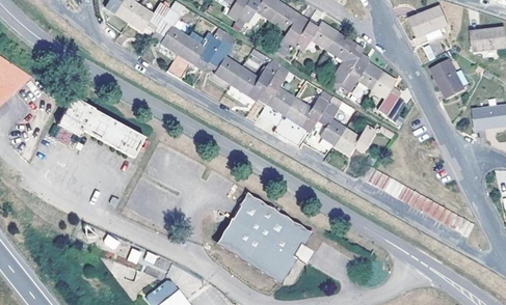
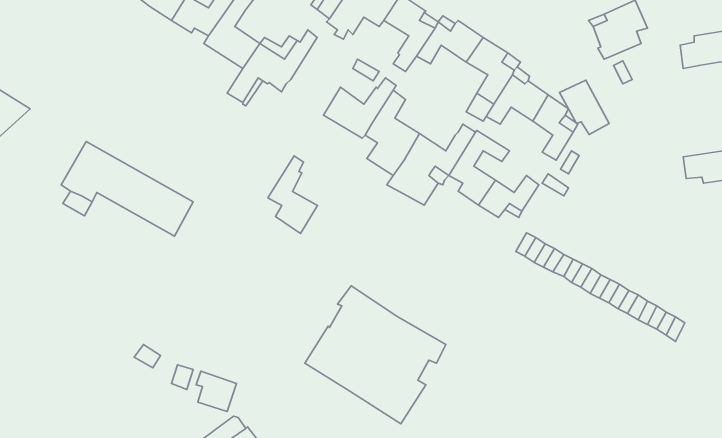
building: [209,31,242,83] -> [268,156,317,233]
building: [430,60,463,96] -> [560,80,609,134]

